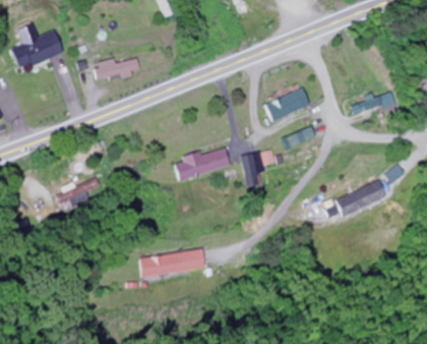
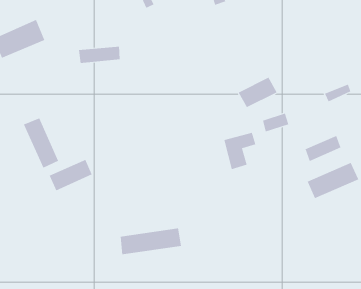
building: none -> [23,118,59,169]
building: [176,146,231,180] -> none
building: none -> [305,135,341,162]

